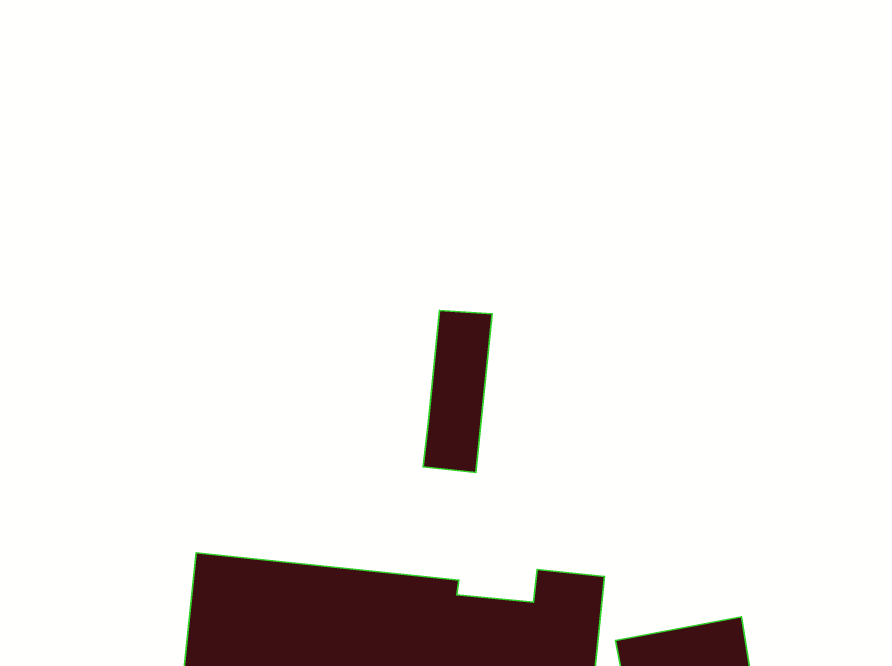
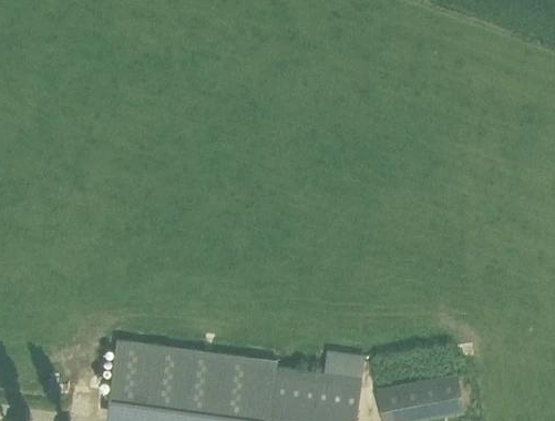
building: [423,310,492,473] -> none

